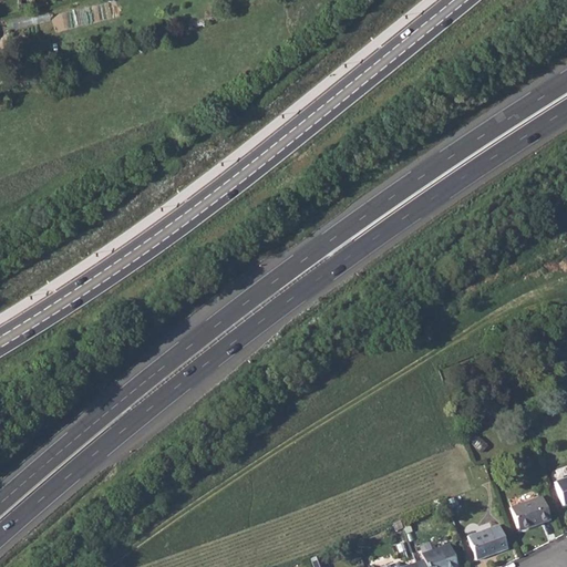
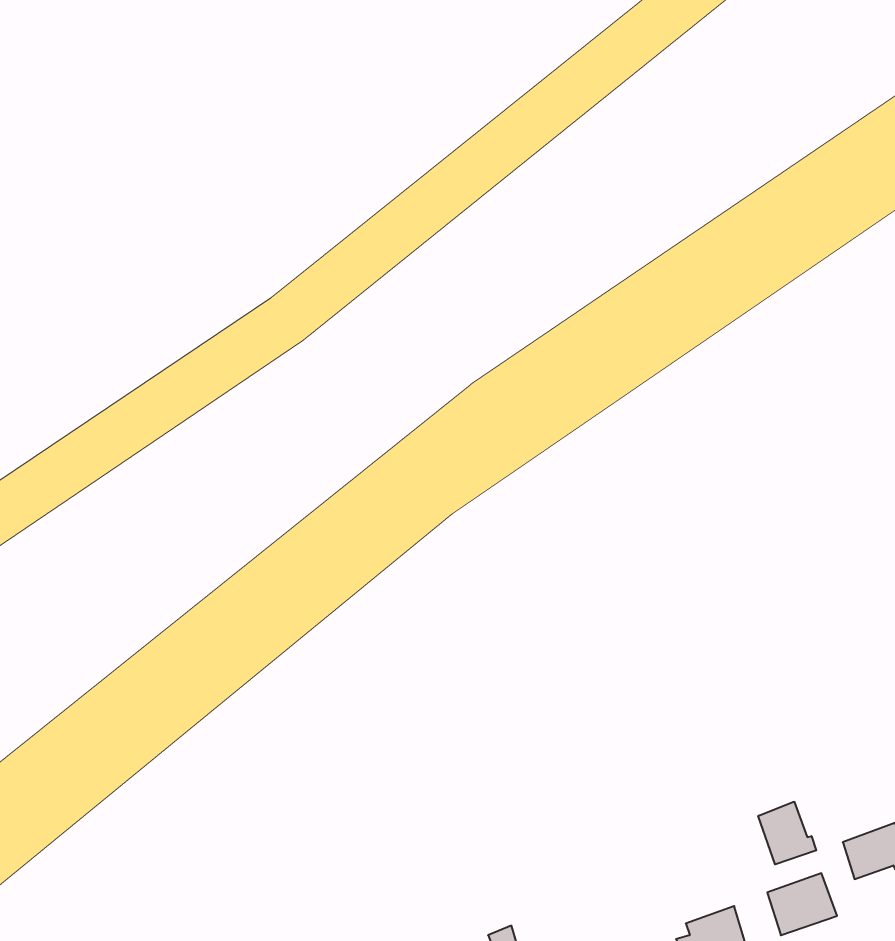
building: none -> [758,802,816,864]

